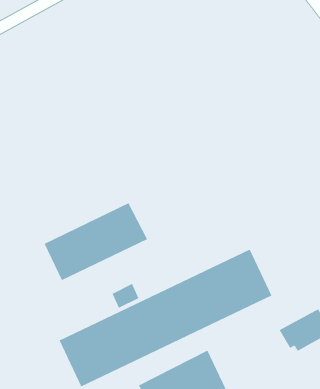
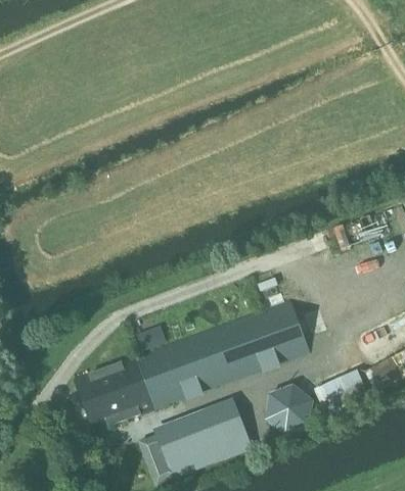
building: [44,202,148,281] -> none
building: none -> [265,383,312,436]

